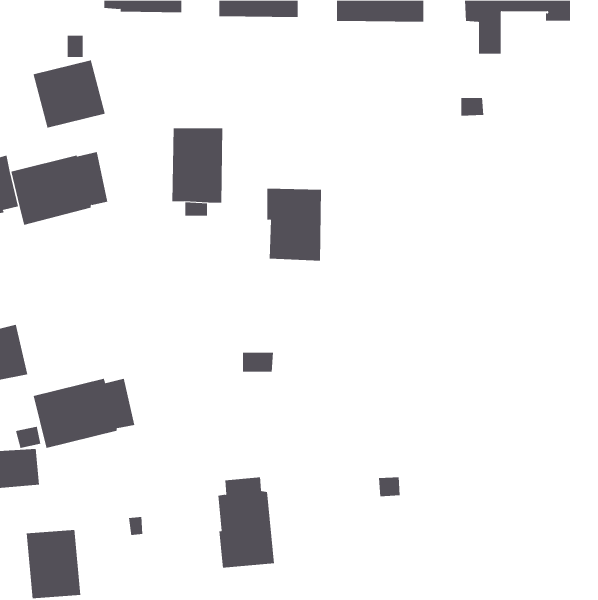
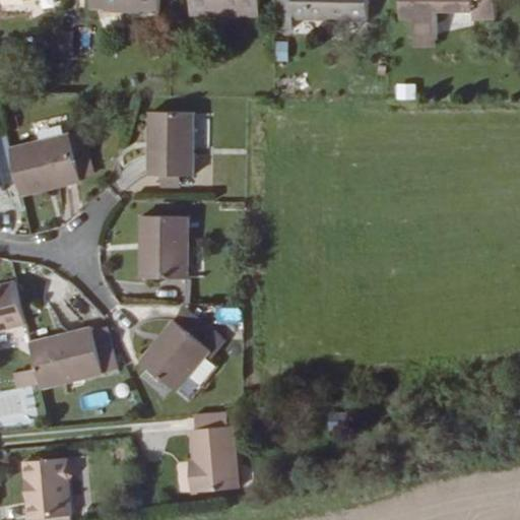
building: [33,60,105,129] -> none
building: [267,188,322,261] -> [140,215,188,278]
building: none -> [139,304,224,390]

